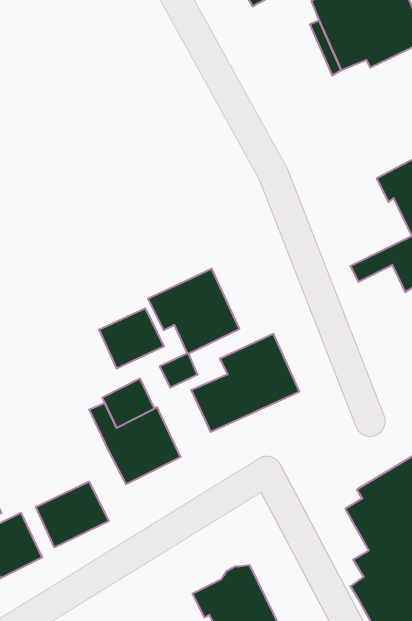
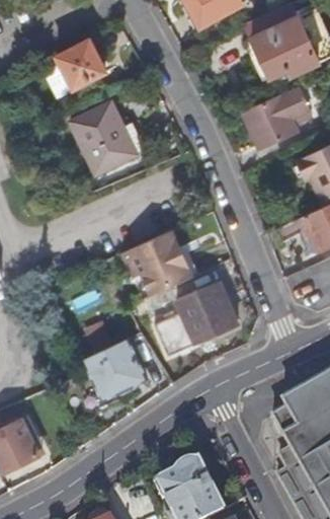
building: none -> [57,40,105,87]
building: none -> [244,89,307,148]
building: none -> [72,101,139,174]
building: [99,308,164,369] -> none
building: [36,482,109,547] -> none

